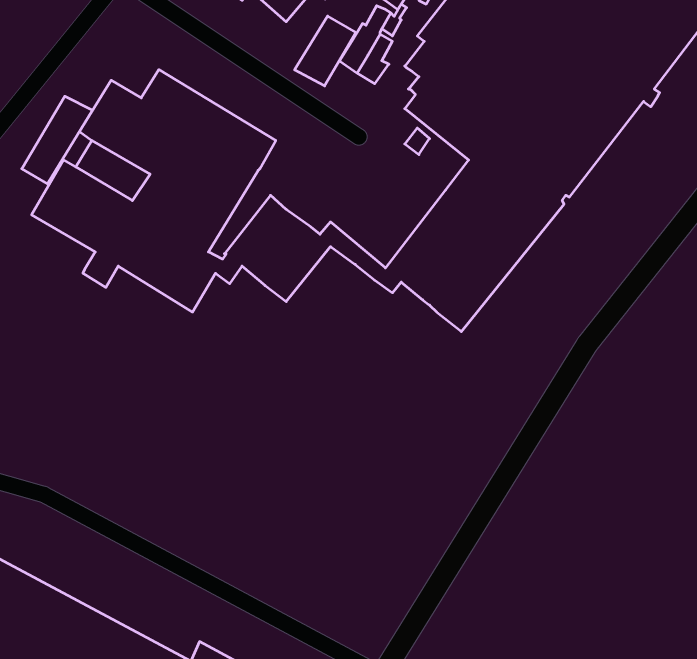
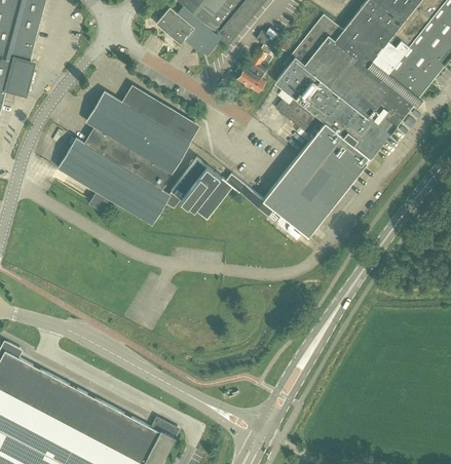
building: [295,16,356,86] -> none
building: [22,96,92,184] -> none

